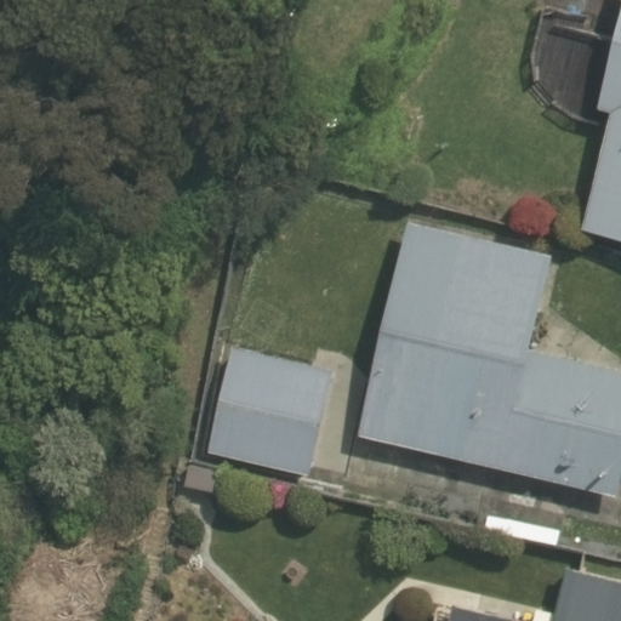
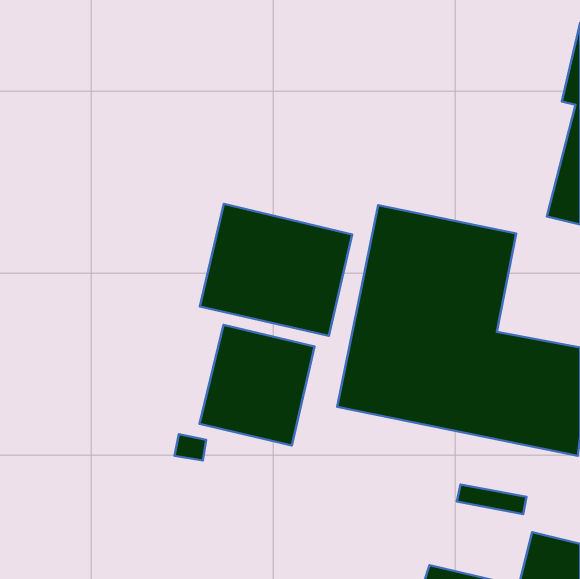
building: none -> [200,204,352,336]

